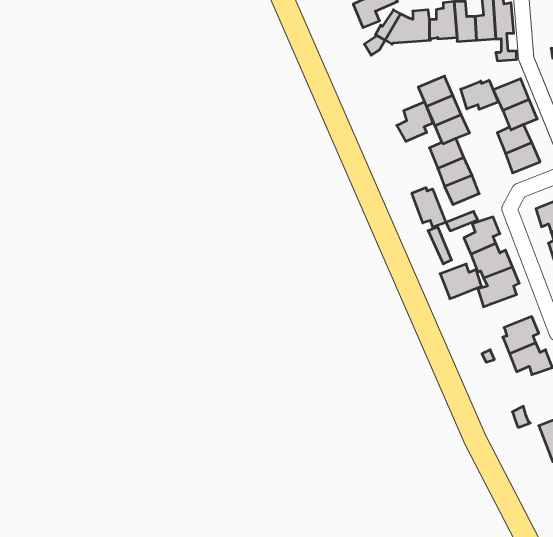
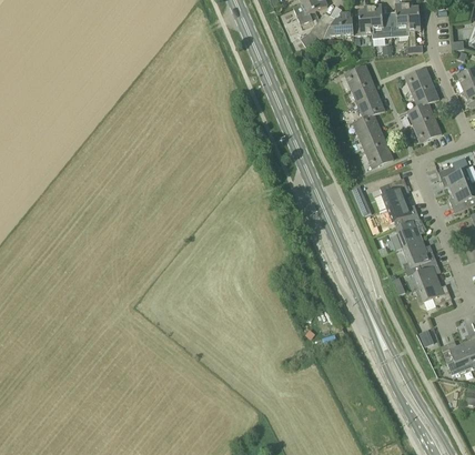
building: [461,80,498,109] -> none
building: [397,102,433,141] -> none
building: [412,188,446,227] -> none
building: [440,264,482,299] -> [402,240,435,267]

